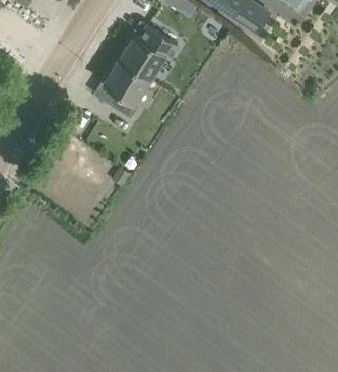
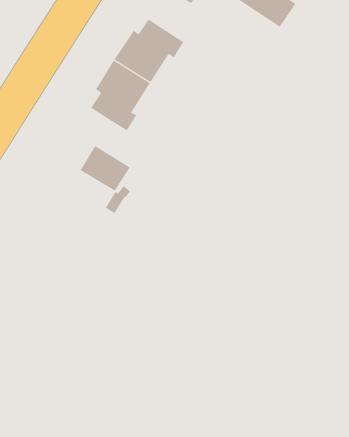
building: none -> [80,145,130,192]

